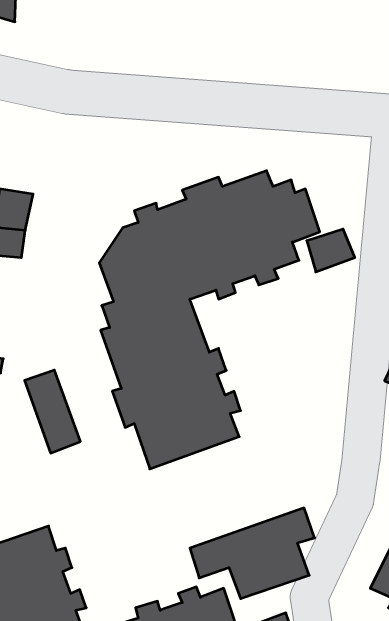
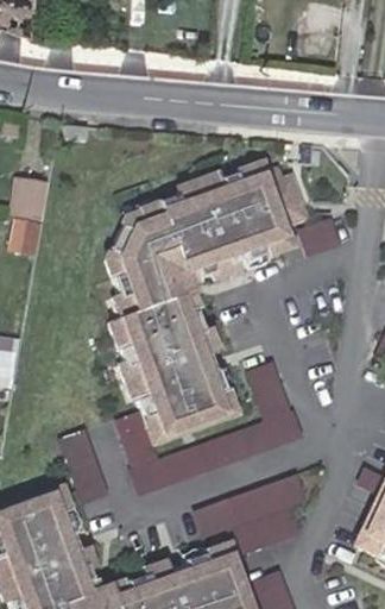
building: [25,370,80,453] -> [56,428,107,504]
building: none -> [112,360,302,496]

